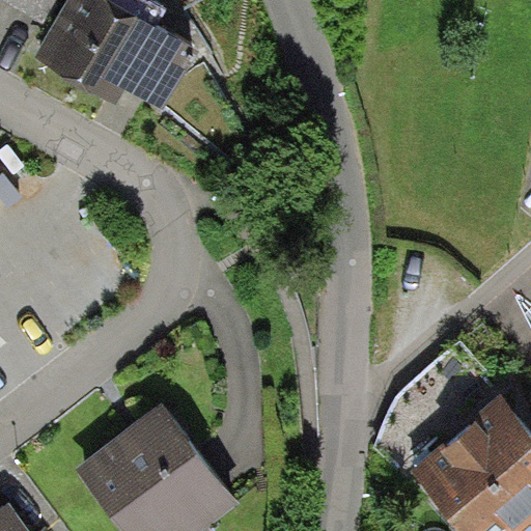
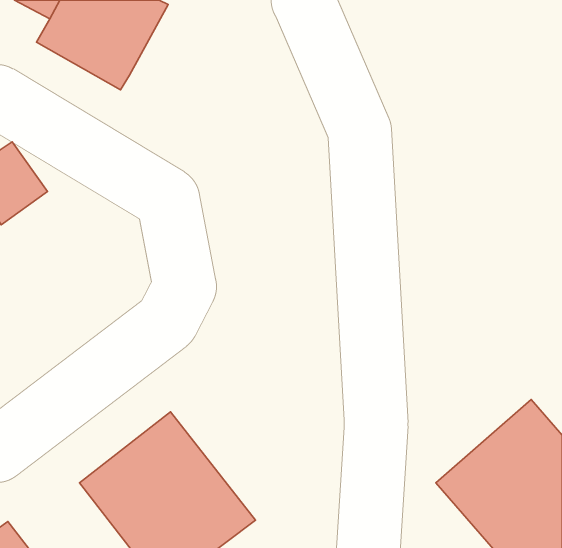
building: [121,21,197,109] -> none

